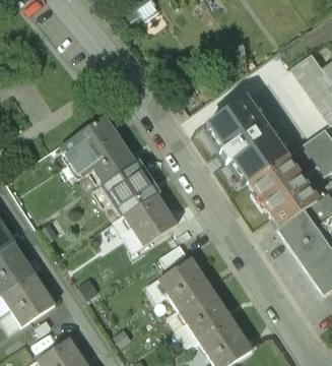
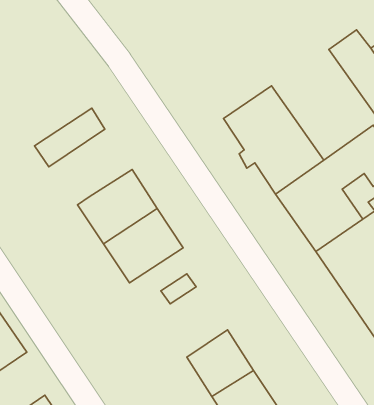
building: [72,130,137,183] -> none
building: [149,256,211,308] -> none

